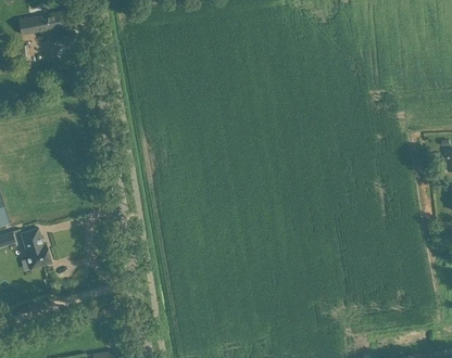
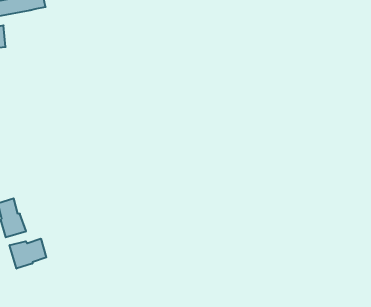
building: none -> [10,239,46,269]

